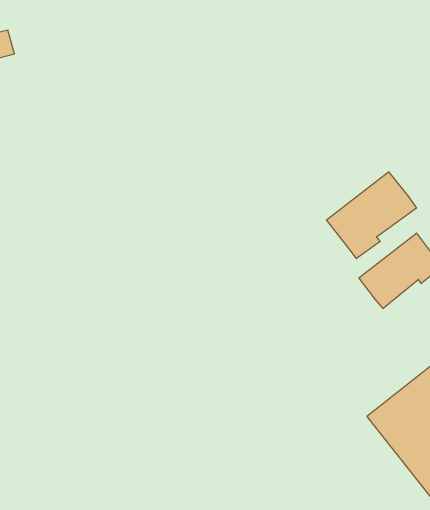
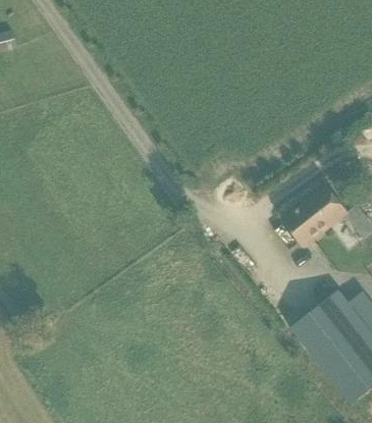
building: [326,172,416,259] -> none

